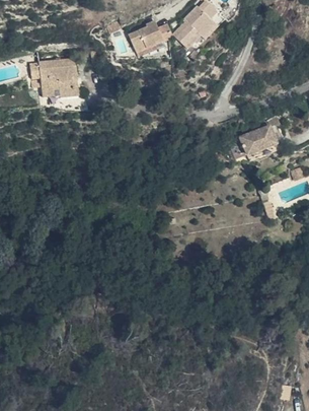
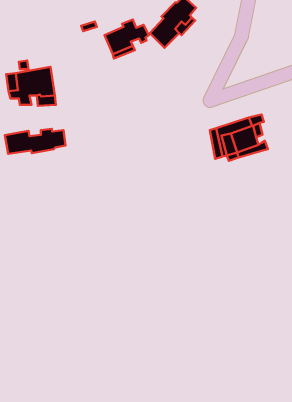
building: none -> [5,129,65,154]

